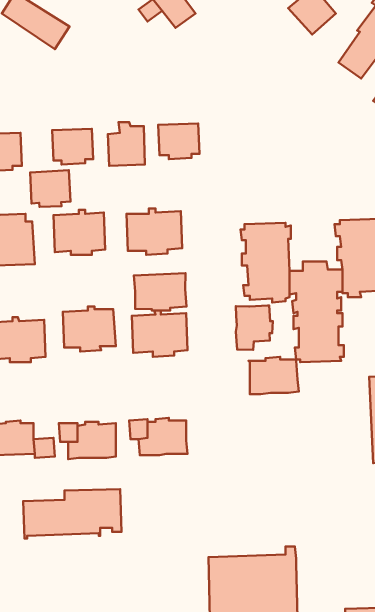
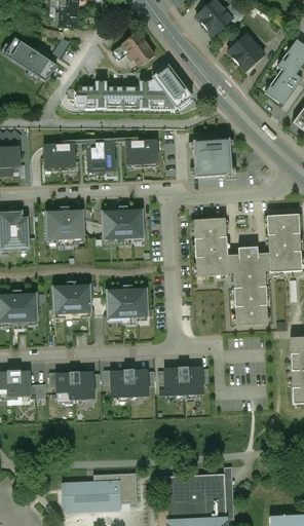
building: none -> [77,65,193,109]
building: none -> [193,138,232,178]
building: [30,170,70,207] -> none
building: [134,273,187,311] -> none
building: [236,305,273,350] -> none
building: [248,357,299,394] -> [164,366,203,394]
building: [23,489,121,538] -> [62,473,138,511]

